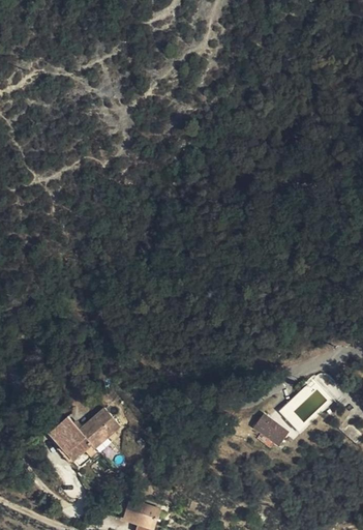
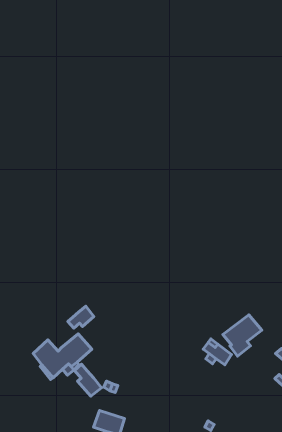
building: none -> [68,306,94,328]
building: none -> [75,364,102,396]

